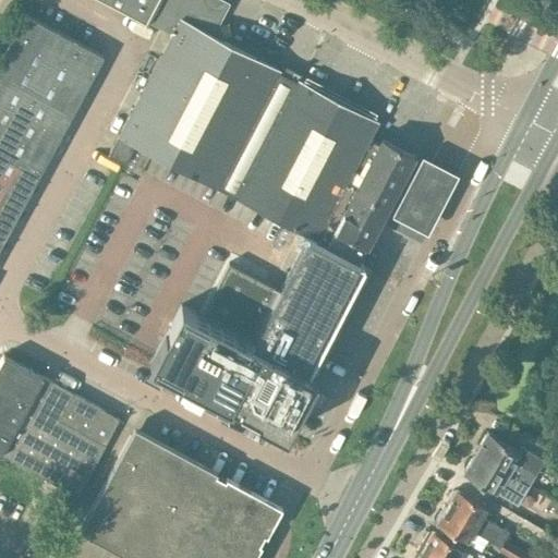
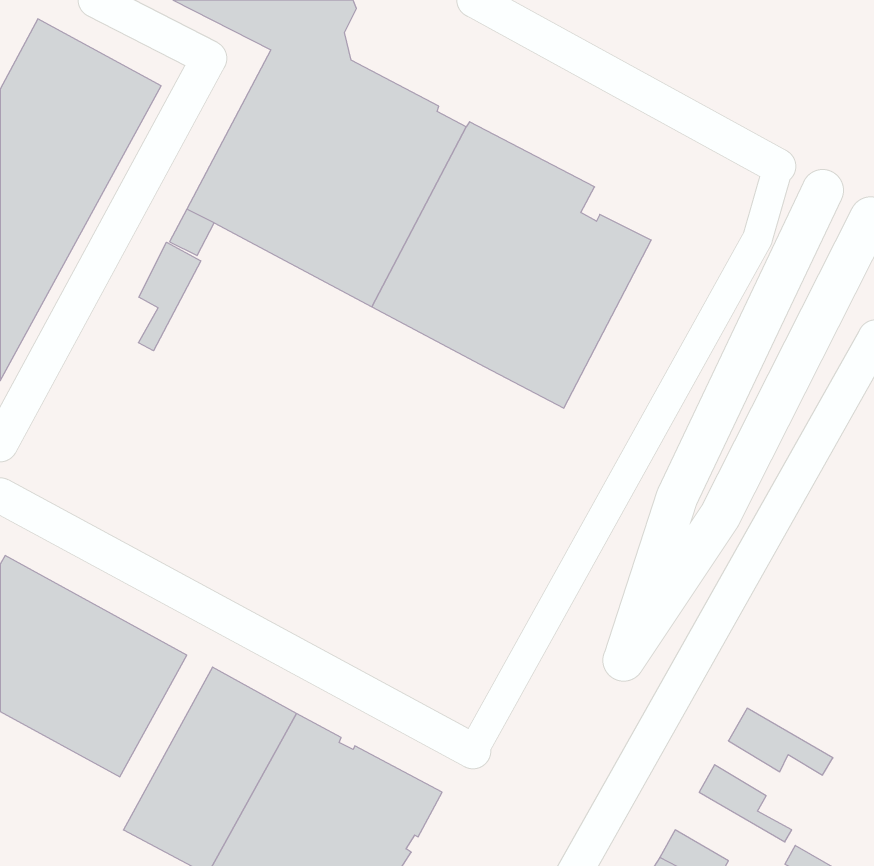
building: [390,148,457,226] -> none
building: none -> [138,242,201,351]
building: [149,240,360,438] -> none
building: [476,436,545,488] -> none
building: [435,510,500,549] -> none

